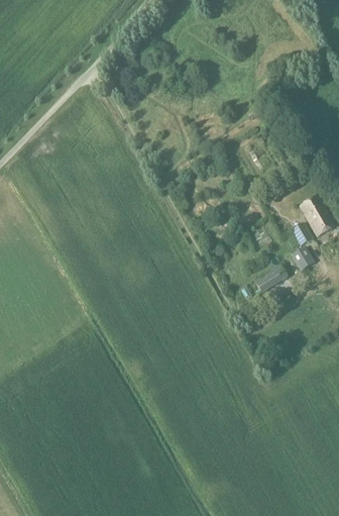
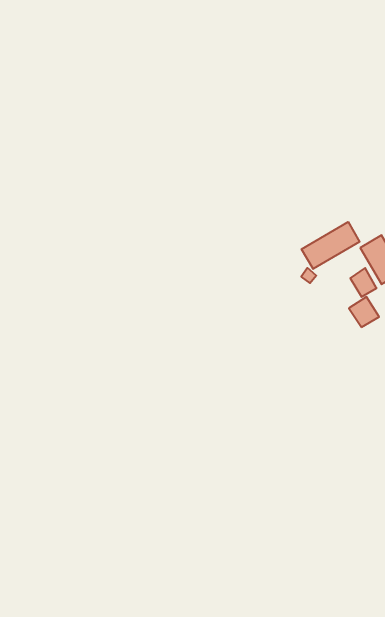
building: none -> [302,222,360,269]
building: [254,263,289,292] -> none

